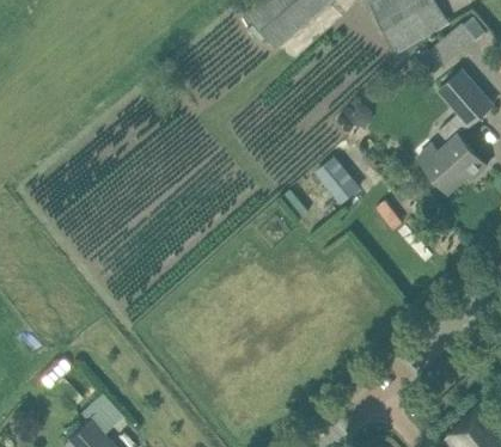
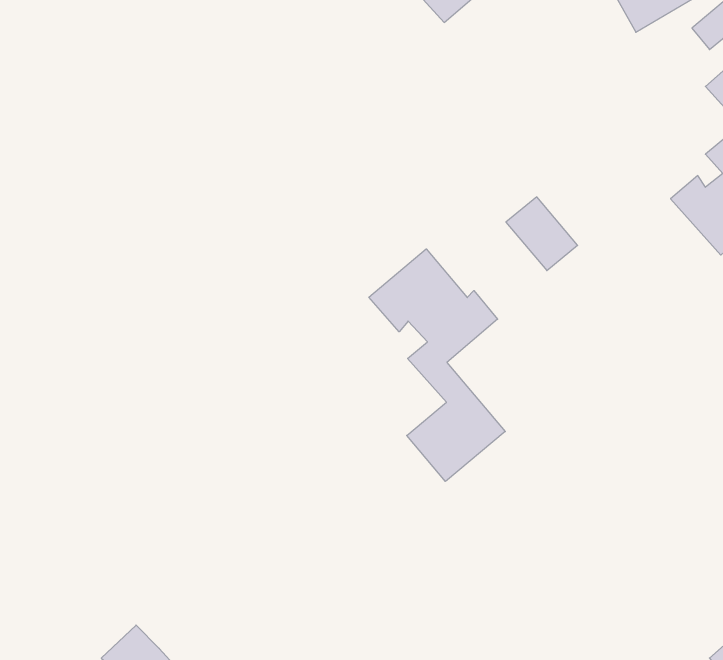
building: none -> [369,249,505,481]
building: [80,396,122,436] -> none

